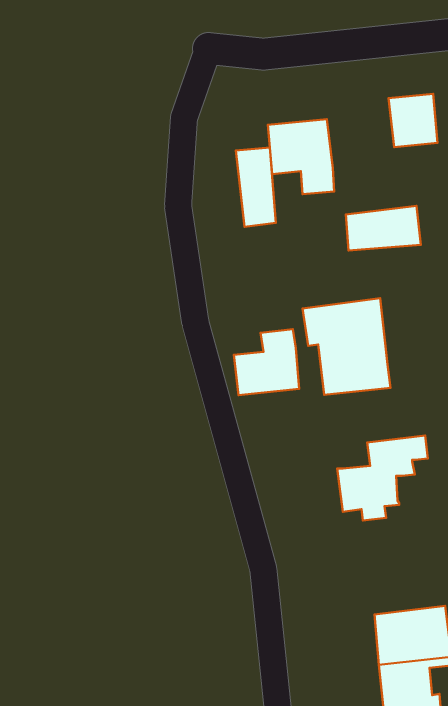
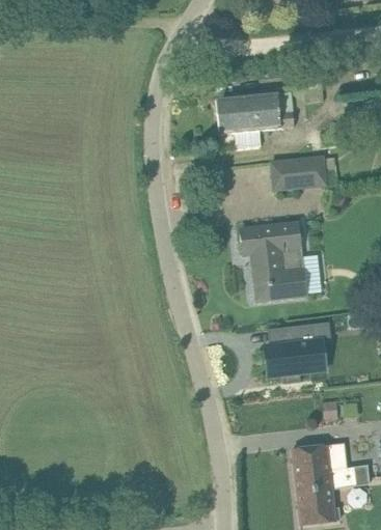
building: [388,94,437,147] -> [258,90,294,129]
building: [236,148,276,227] -> none
building: [234,329,299,395] -> none

